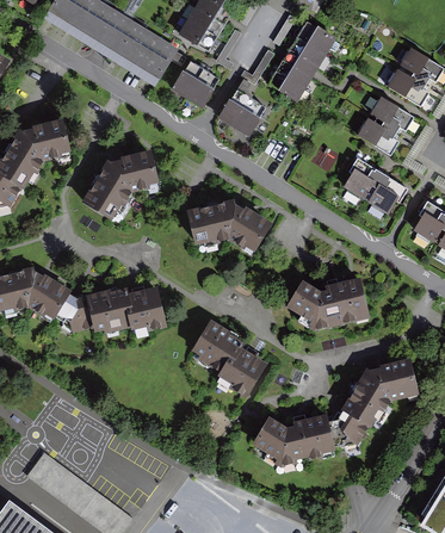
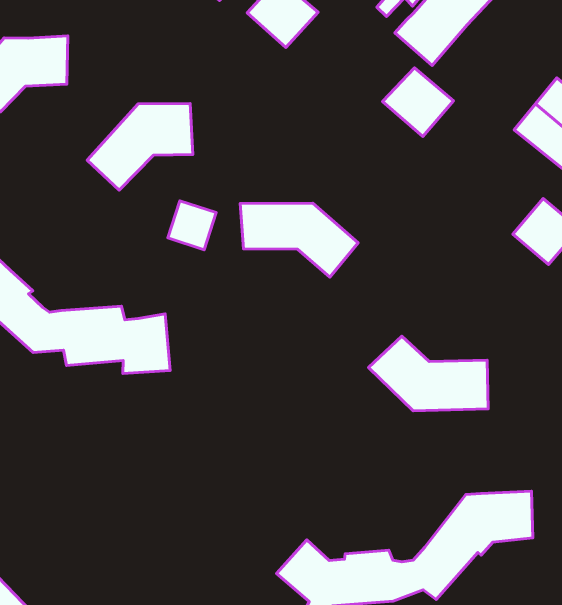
building: [218,92,264,135] -> [382,68,453,137]
building: [340,160,382,200] -> none
building: none -> [168,201,216,250]
building: [196,316,270,395] -> none

